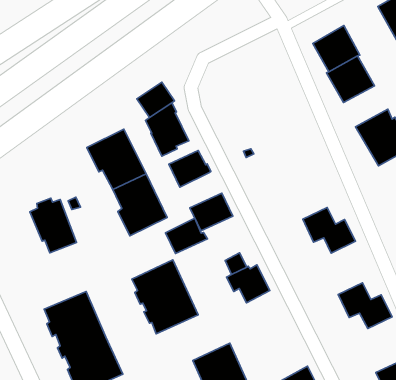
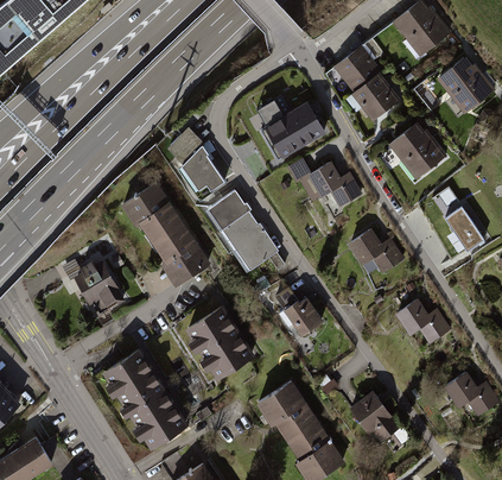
building: none -> [254,101,323,159]
building: none -> [285,158,361,208]
building: [165,218,207,253] -> [220,211,262,250]

